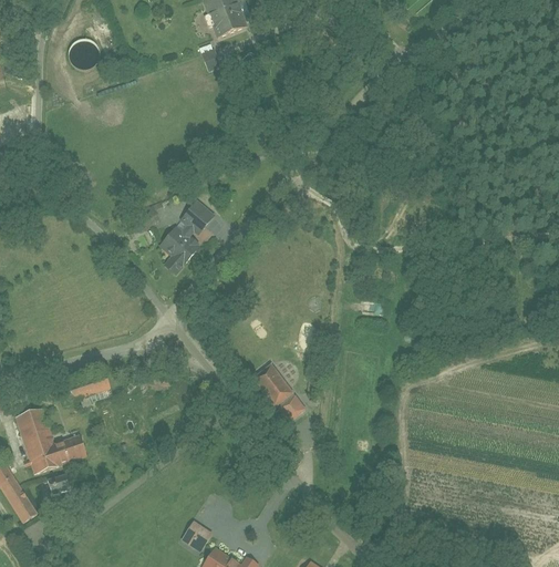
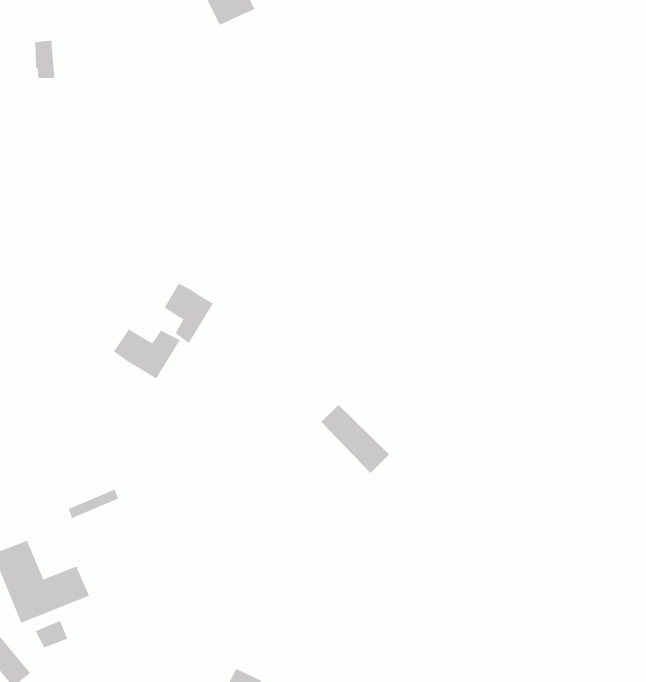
building: [180,198,215,239] -> none
building: none -> [113,329,180,379]
building: [256,369,306,423] -> [321,404,390,474]

